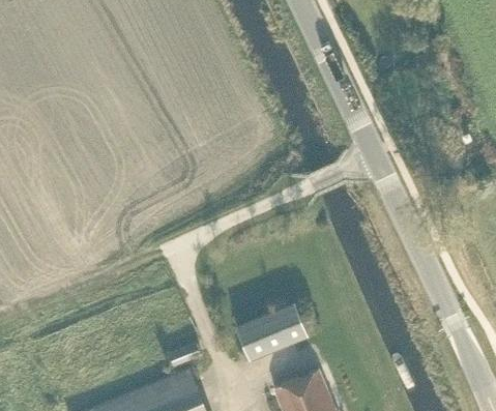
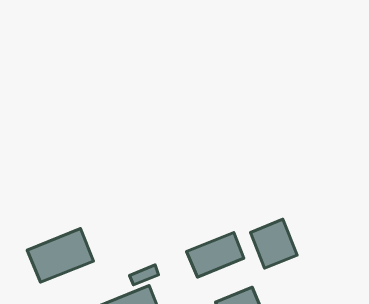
building: none -> [251,219,297,268]
building: none -> [27,228,93,282]

